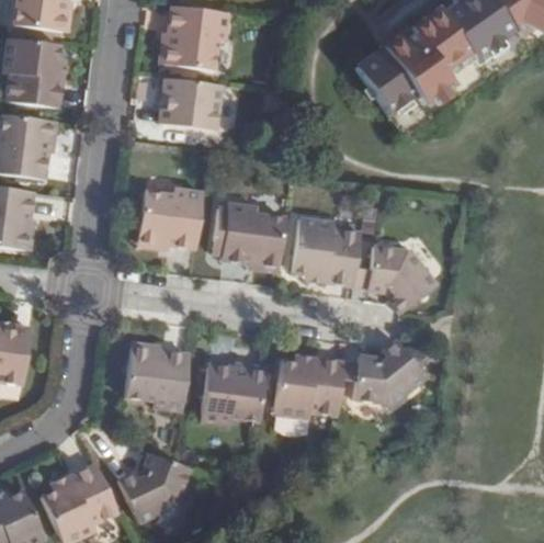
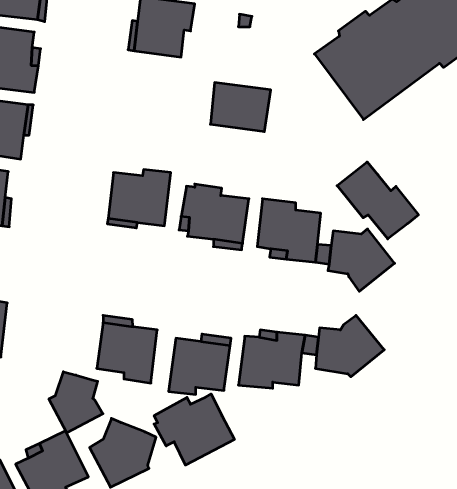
building: [157,75,220,126] -> [210,83,271,132]
building: none -> [337,162,418,239]
building: none -> [49,372,103,433]
building: none -> [154,394,234,465]

